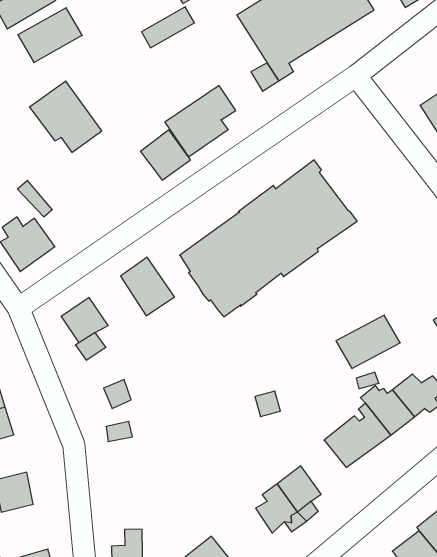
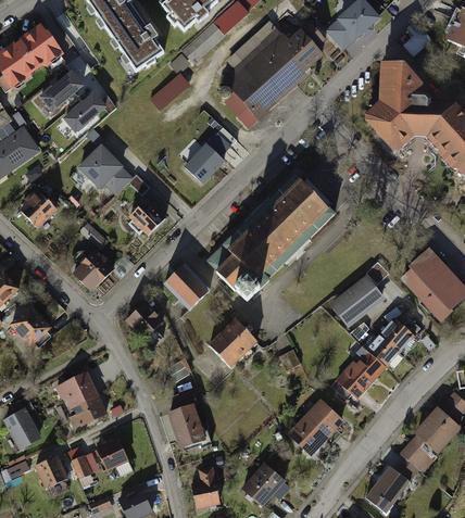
building: [140,130,190,180] -> [129,198,167,236]
building: none -> [208,317,256,366]
building: none -> [168,405,210,447]

